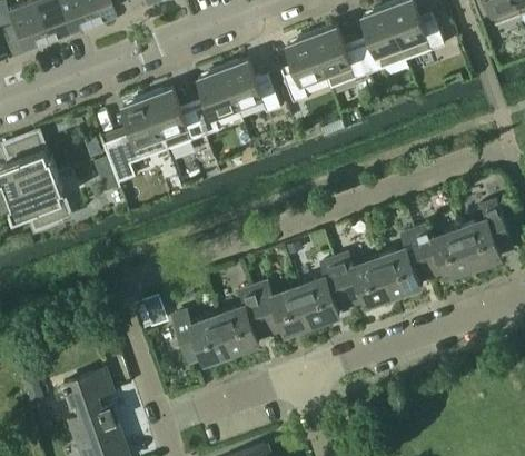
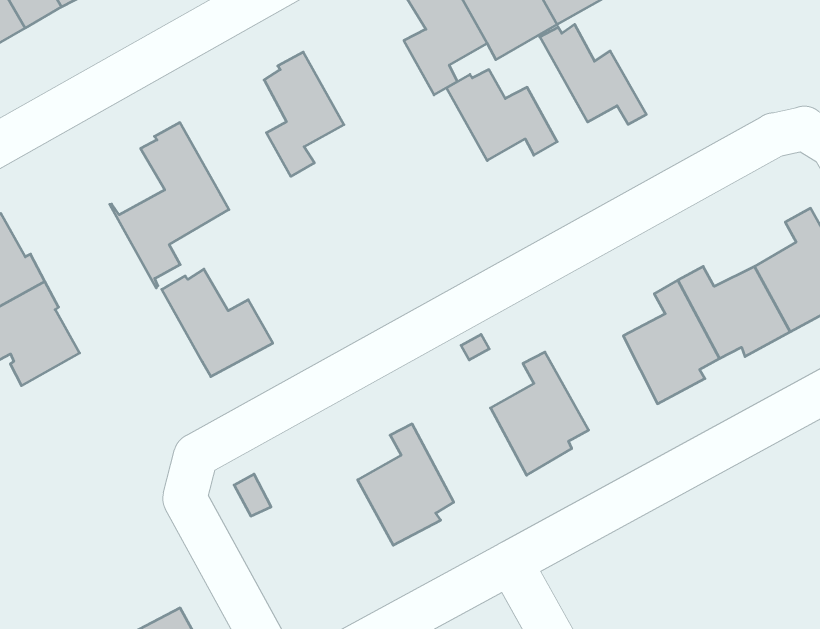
building: [222,61,280,113] -> [446,70,557,161]
building: none -> [540,24,646,124]
building: [147,89,205,150] -> [162,269,273,377]
building: [333,252,392,306] -> none
building: [251,281,311,335] -> none
building: [171,310,230,364] -> none

